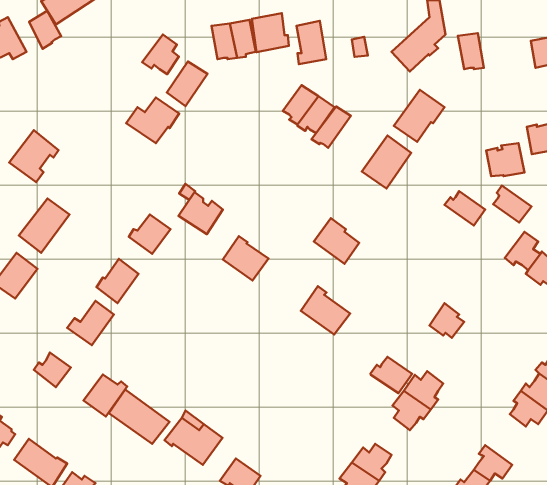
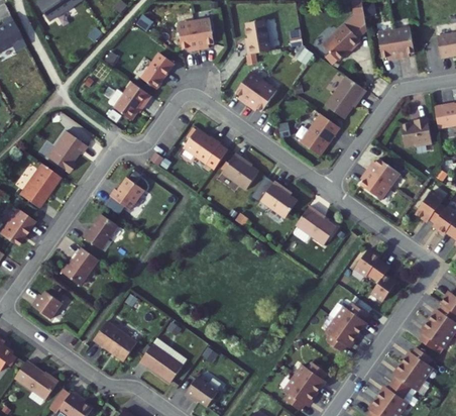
building: [29,11,61,49] -> none
building: [252,13,289,52] -> none
building: none -> [394,25,415,57]
building: [142,35,179,74] -> none
building: [312,106,351,148] -> none
building: [9,130,58,182] -> [46,130,87,173]
building: [493,186,531,223] -> [360,169,391,199]
building: [178,192,223,234] -> [184,127,220,162]
building: [223,236,269,281] -> [222,152,259,189]
building: [301,286,350,334] -> [296,205,336,244]
building: none -> [370,265,395,302]
building: [371,357,412,393] -> none
building: [83,375,127,416] -> none
building: none -> [401,350,431,382]

